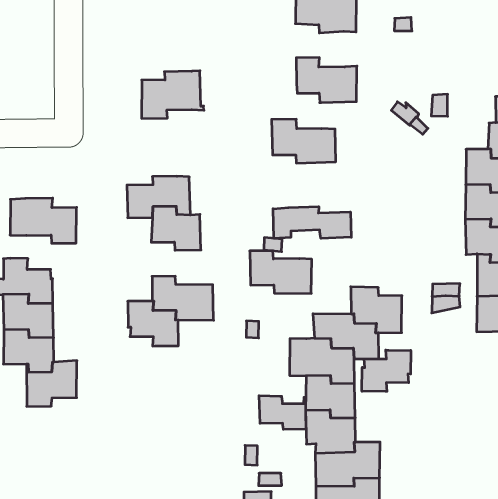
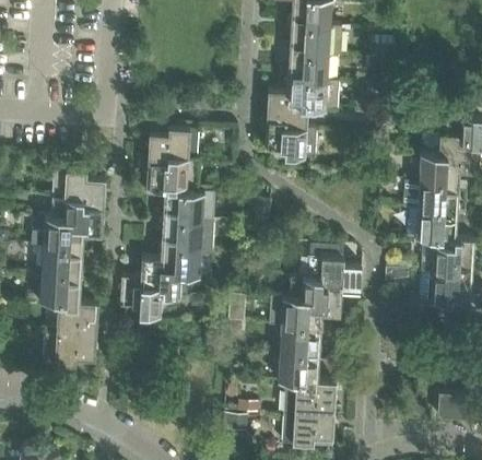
building: none -> [290,45,329,82]
building: [142,71,204,118] -> [148,129,198,166]
building: none -> [267,91,307,130]
building: [273,207,351,238] -> none
building: none -> [50,199,104,237]
building: [250,251,312,293] -> [163,212,213,249]
building: none -> [121,278,162,316]
building: [362,350,411,391] -> none
building: [259,396,306,429] -> none
building: none -> [42,331,96,366]

